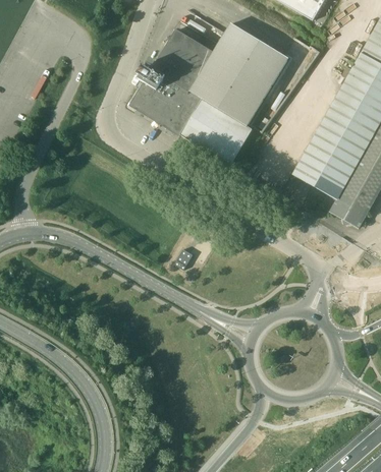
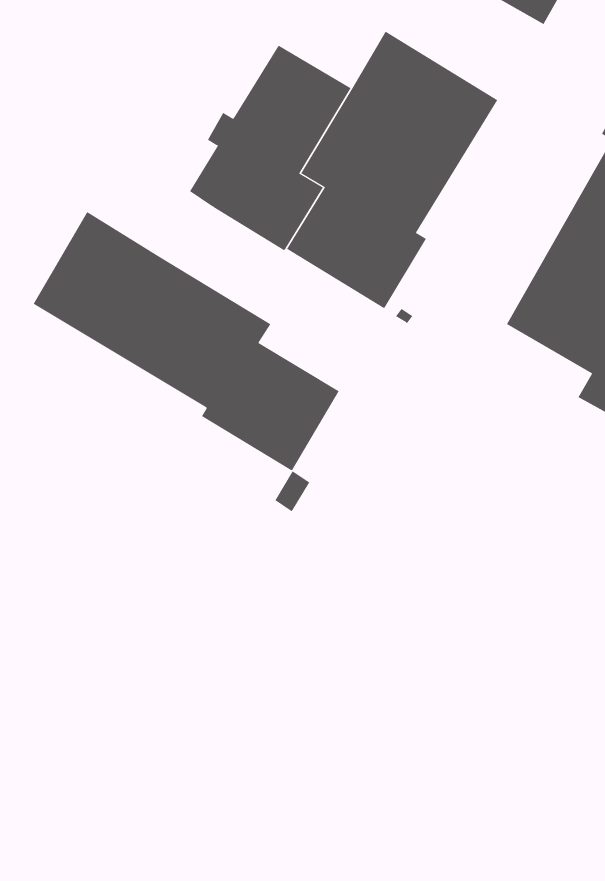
building: none -> [33,211,339,471]

